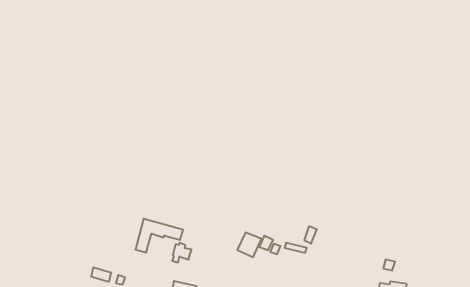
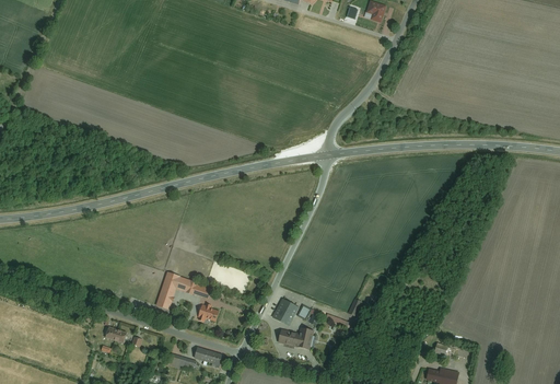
building: none -> [278,326,314,349]

